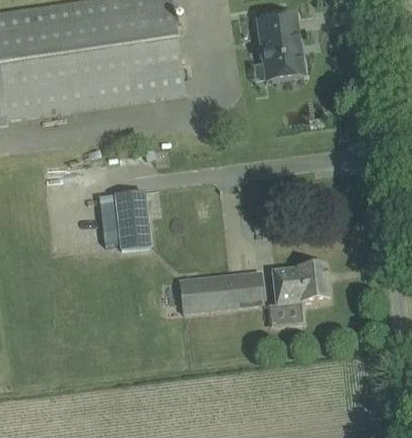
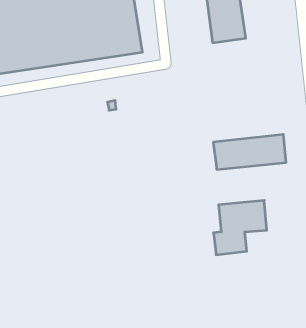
building: [99,191,150,248] -> none
building: [180,270,264,311] -> [213,134,286,169]

